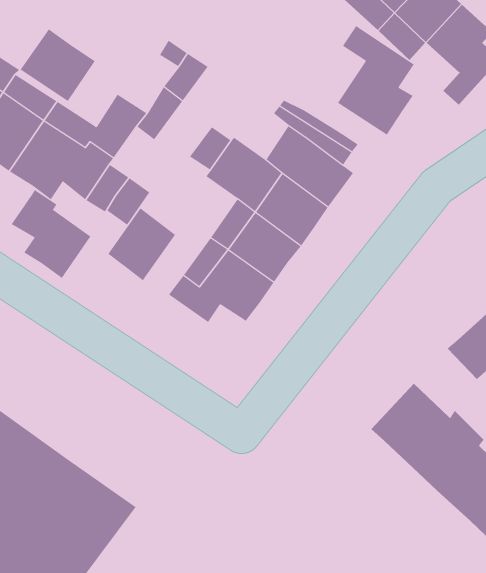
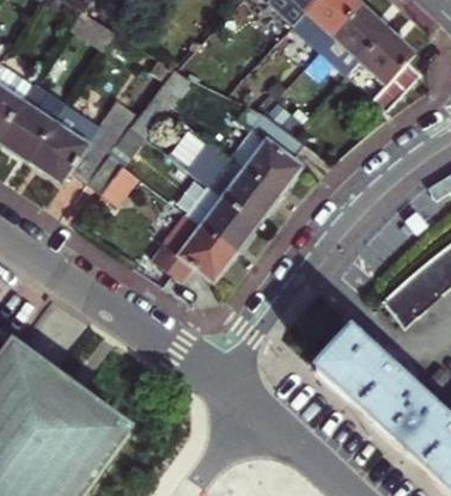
building: [337,25,414,136] -> none
building: [20,29,95,102] -> none
building: [11,189,91,279] -> none
building: [107,208,176,281] -> none

